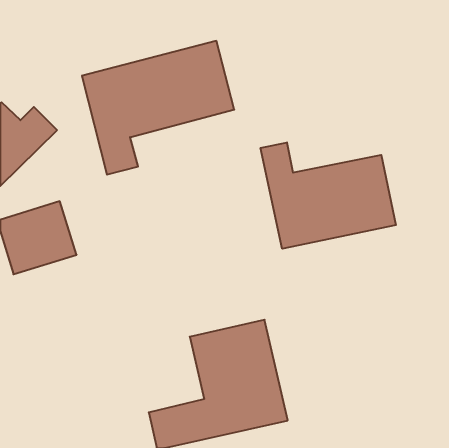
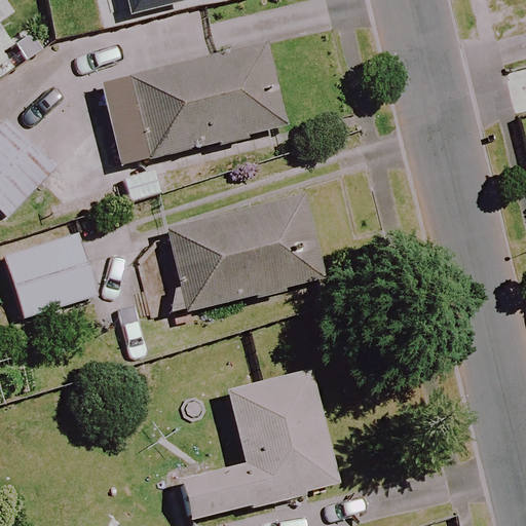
building: [261,142,396,249] -> none
building: none -> [166,191,323,310]

